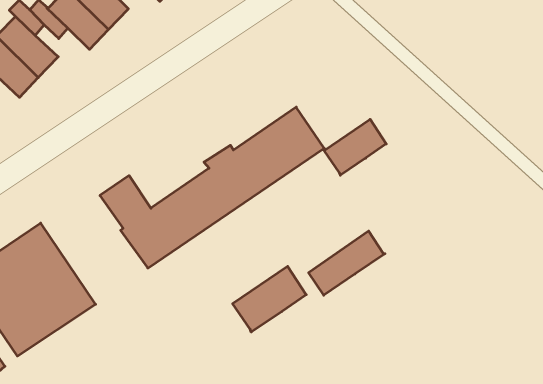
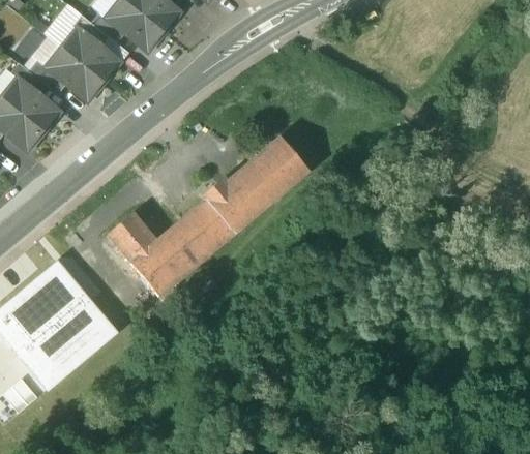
building: [324,119,386,175] -> none
building: [309,231,385,295] -> none
building: [233,266,306,332] -> none

